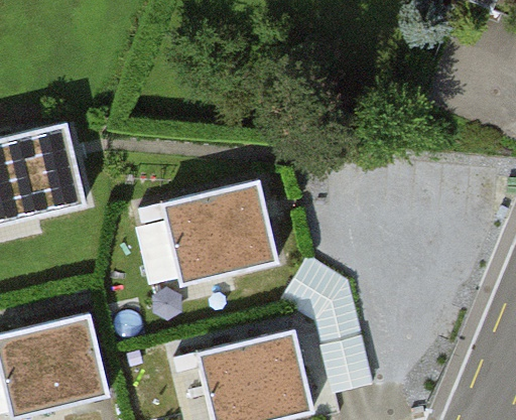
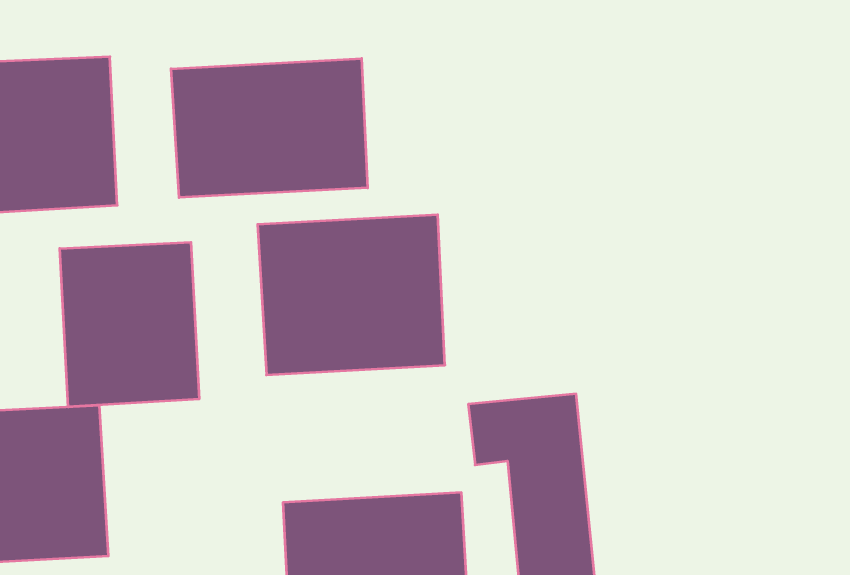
building: none -> [171,58,368,198]
building: none -> [60,242,199,407]

